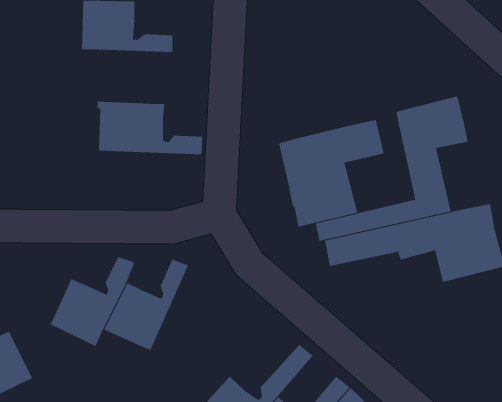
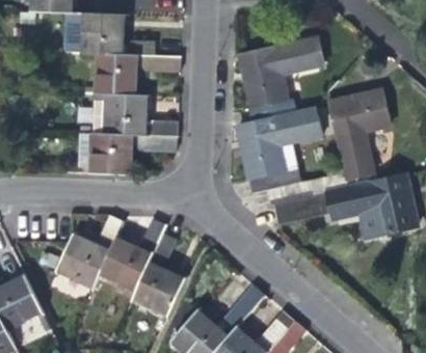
building: none -> [240,37,322,123]
building: none -> [94,53,181,96]
building: none -> [75,133,177,175]
building: none -> [132,233,186,317]

